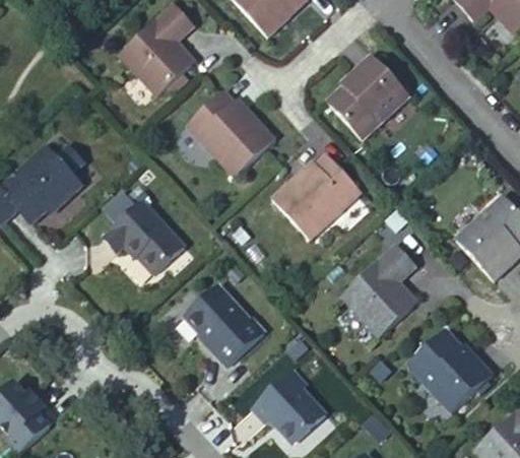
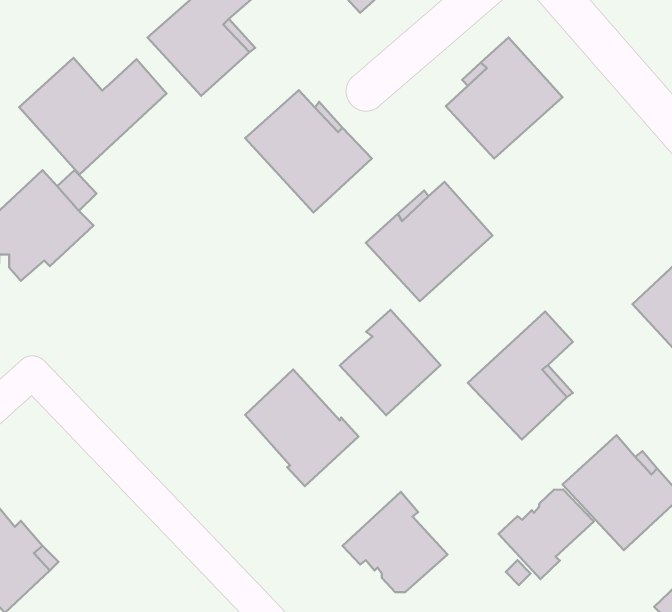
building: none -> [19,58,167,175]
building: [106,192,187,275] -> none
building: none -> [340,310,440,415]
building: none -> [499,489,594,579]

